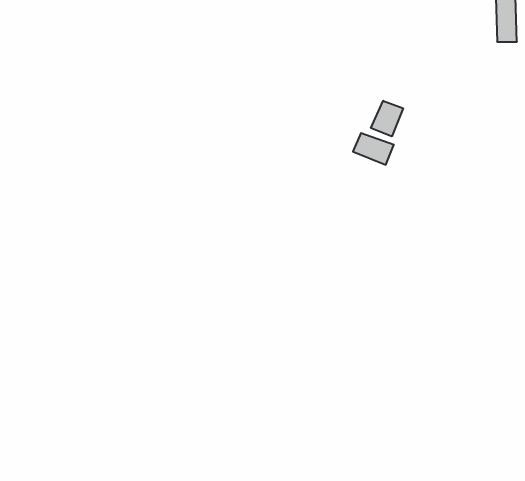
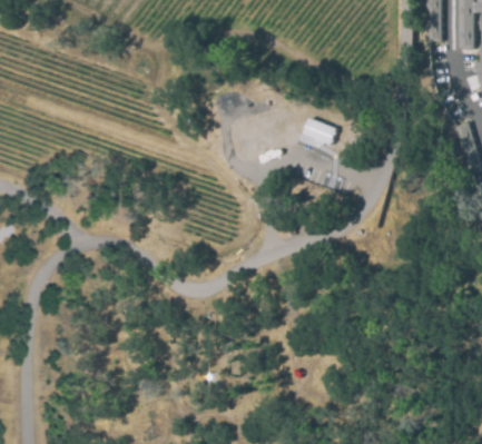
building: [371,101,403,136] -> none

